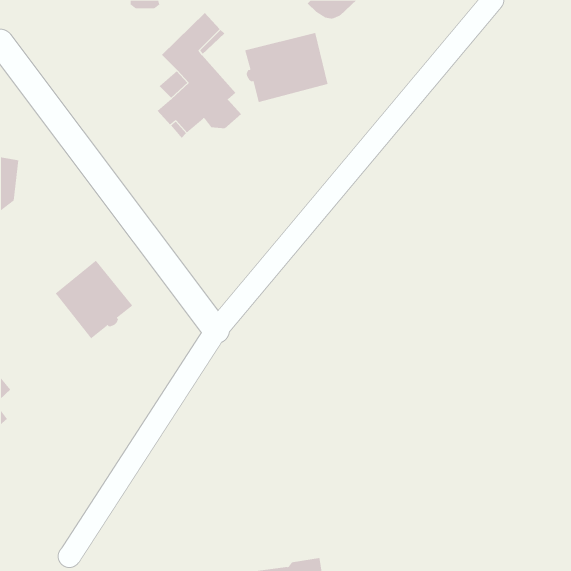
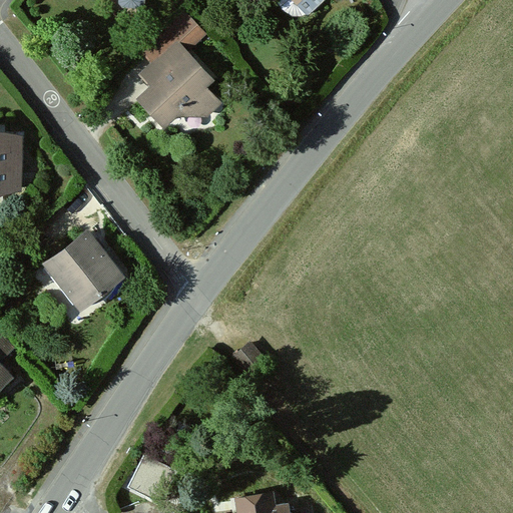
building: [245,32,328,103] -> none

